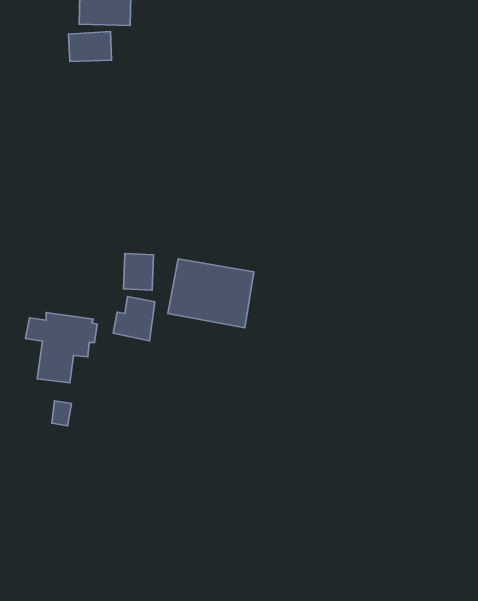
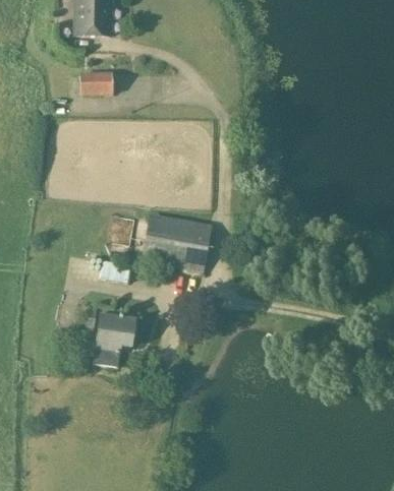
building: [69,31,112,61] -> [79,71,113,95]
building: [25,312,97,383] -> [83,311,139,366]

